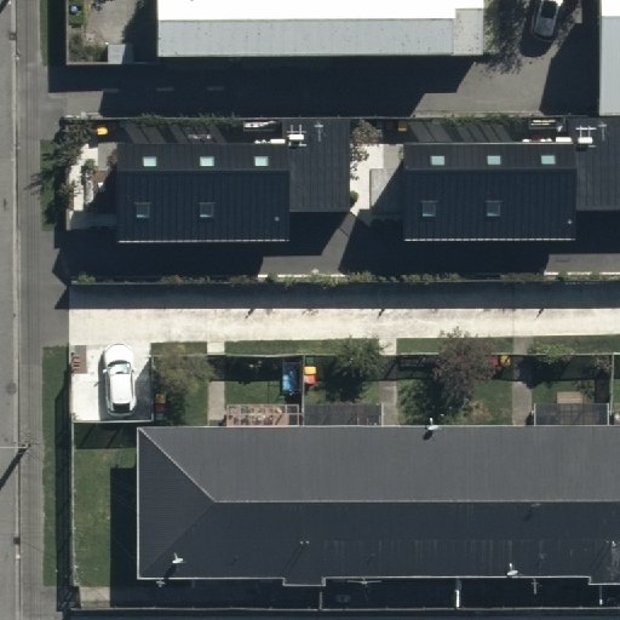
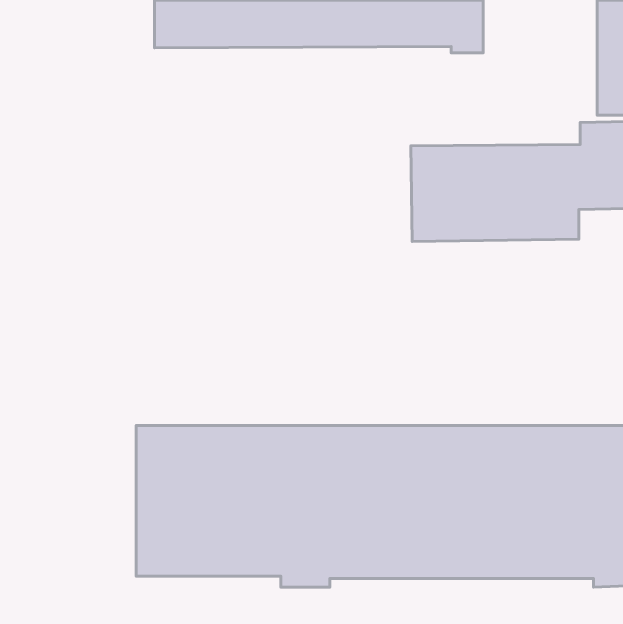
building: [122,125,350,240] -> none

